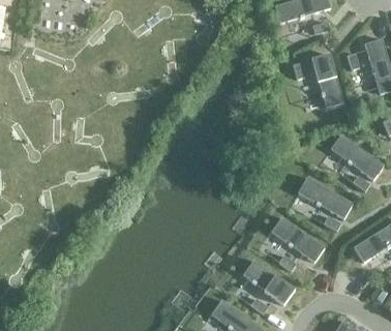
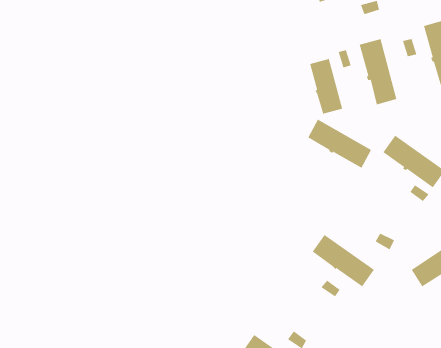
building: none -> [309,58,343,114]
building: [298,177,352,218] -> [307,119,372,169]
building: [243,260,294,304] -> none

